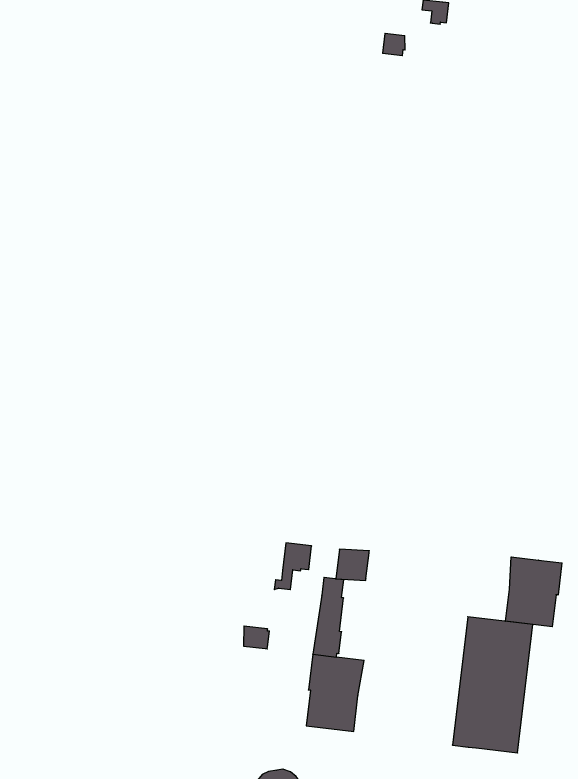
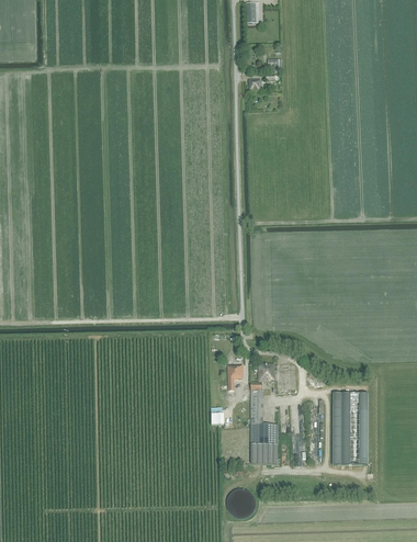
building: [506,557,562,627] -> none

